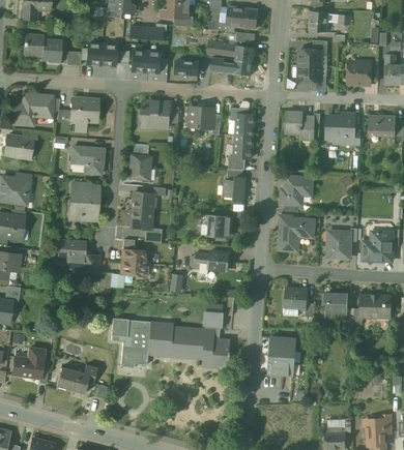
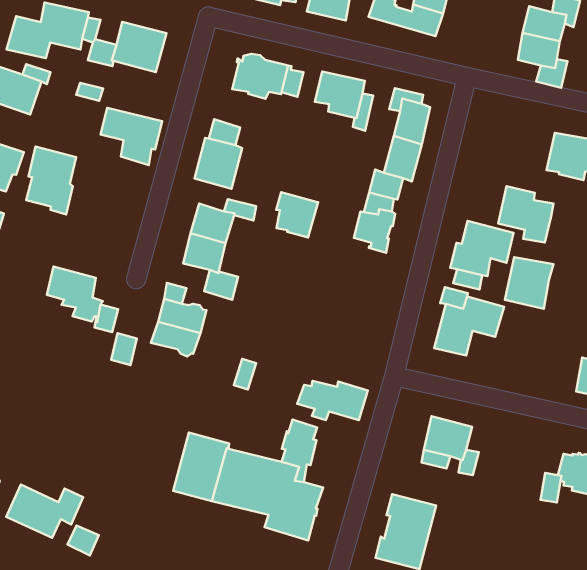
building: [285,111,314,139] -> [498,186,553,243]
building: [71,184,97,219] -> [26,146,76,215]
building: [208,214,231,237] -> [276,192,318,237]
building: [327,232,351,258] -> [505,257,554,309]
building: [190,250,228,273] -> [297,381,368,420]
building: [324,292,348,318] -> none
building: [111,318,150,367] -> none

